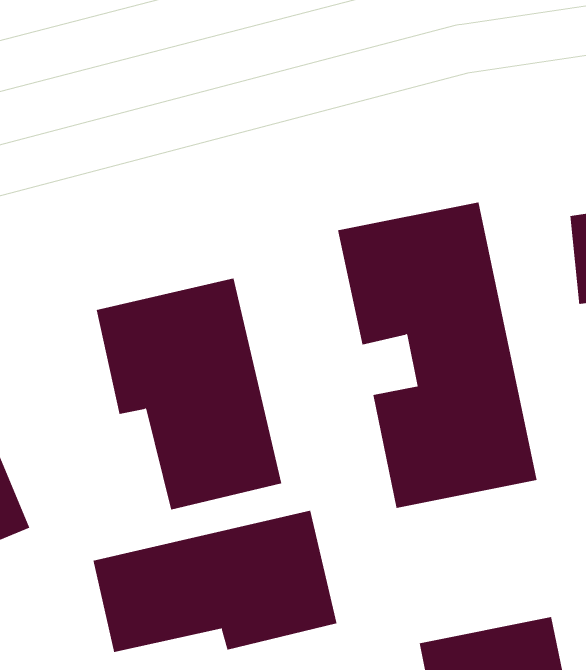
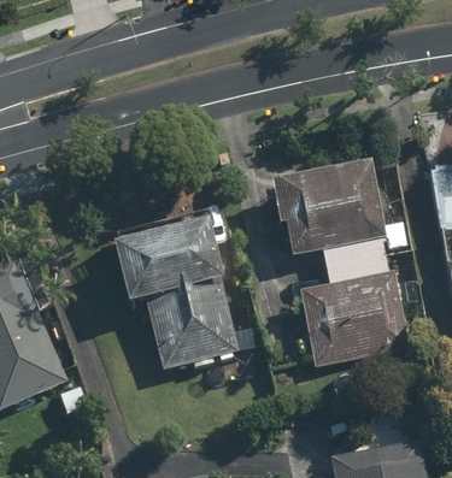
building: [93,510,337,653] -> none

